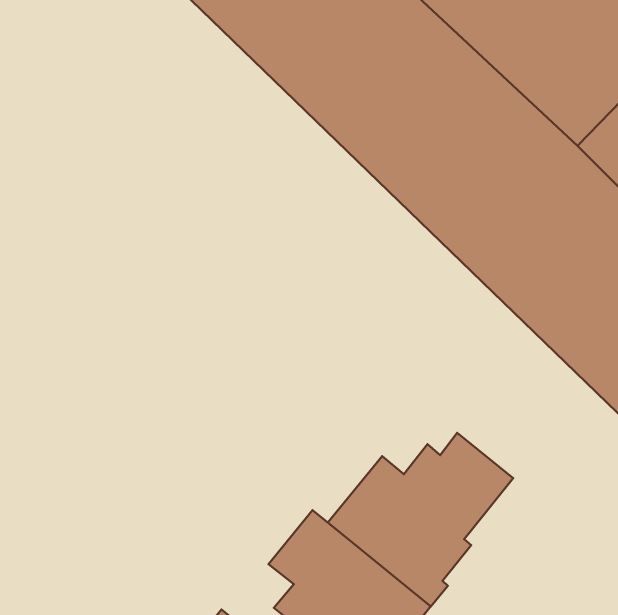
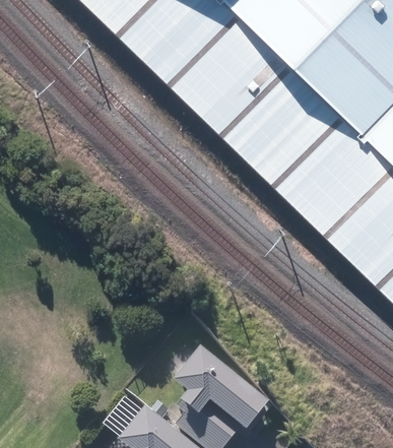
building: [328,433,513,606] -> none

